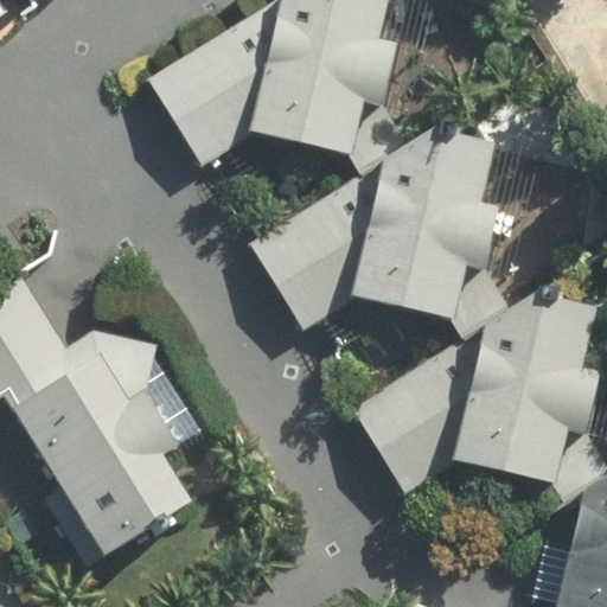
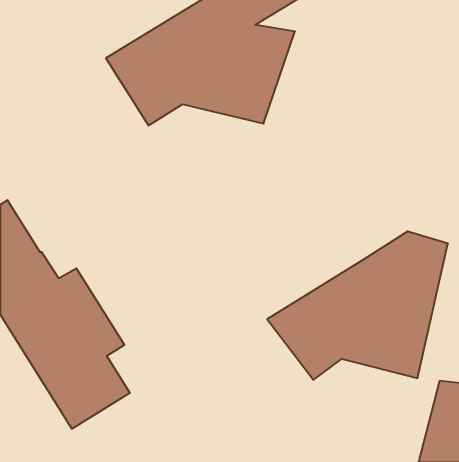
building: [258,129,492,326] -> none

